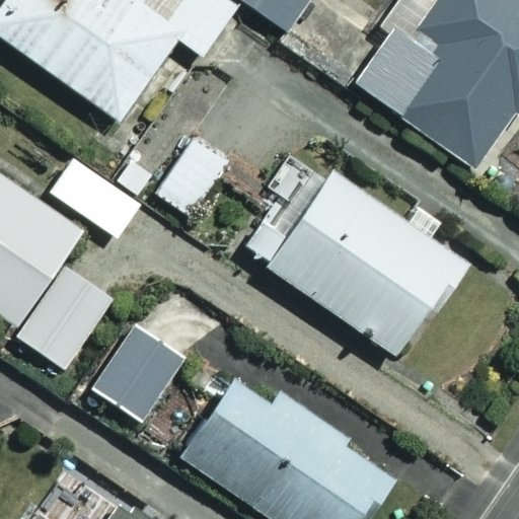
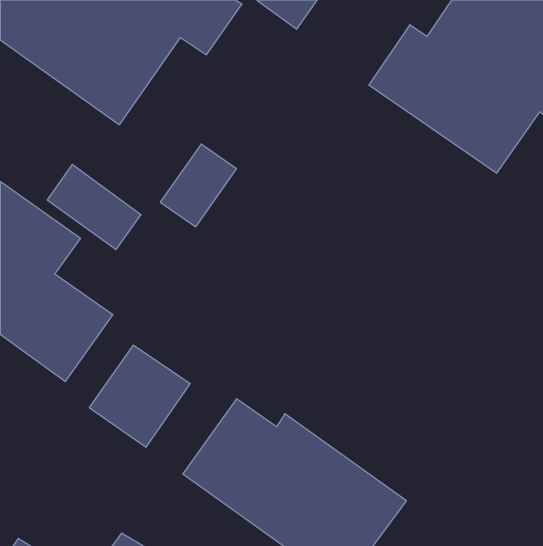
building: [245,166,461,355] -> none

